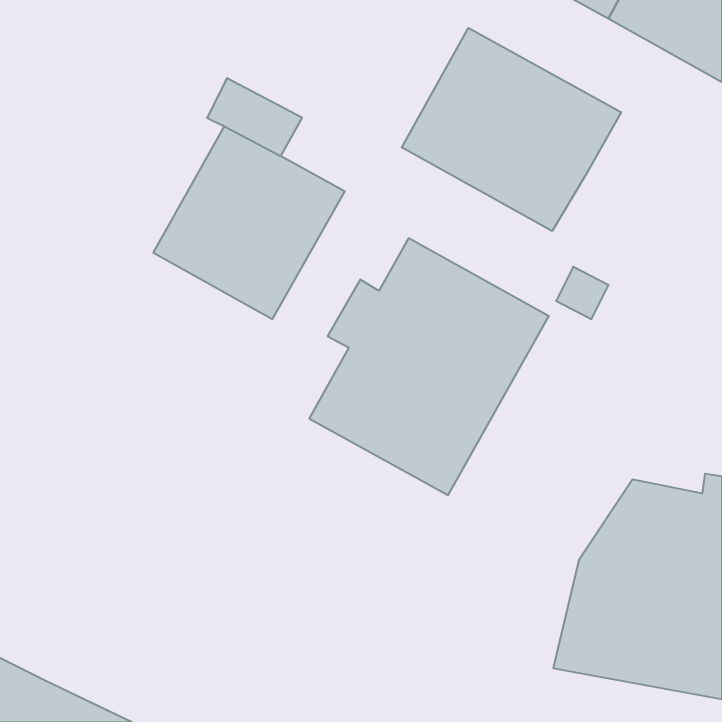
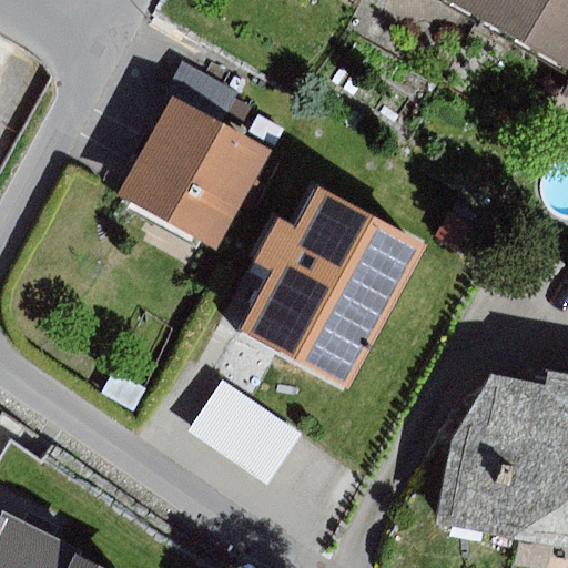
building: [402,28,621,231] -> none
building: none -> [187,382,301,484]

